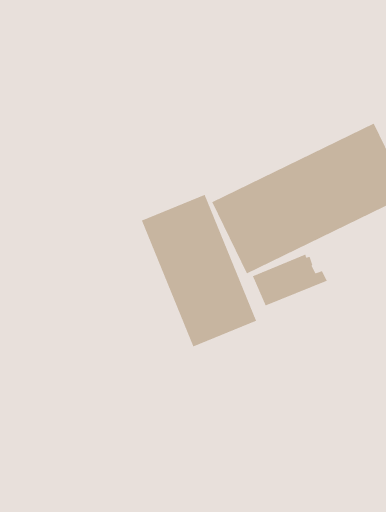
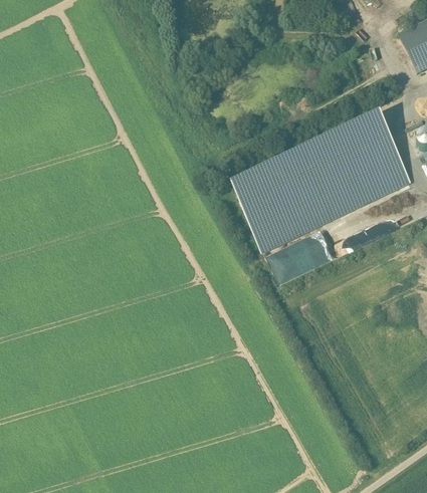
building: [141,194,257,347] -> none

